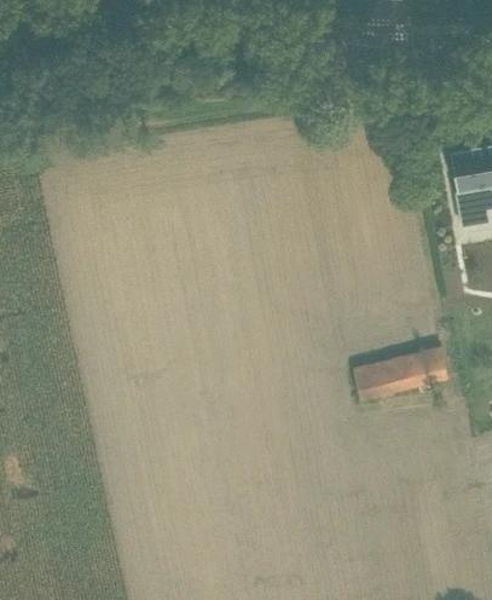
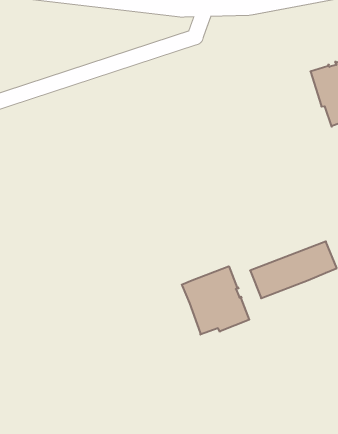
building: none -> [182,266,249,335]

